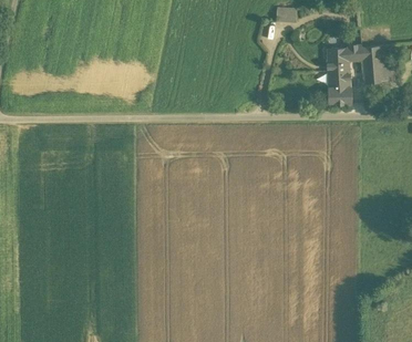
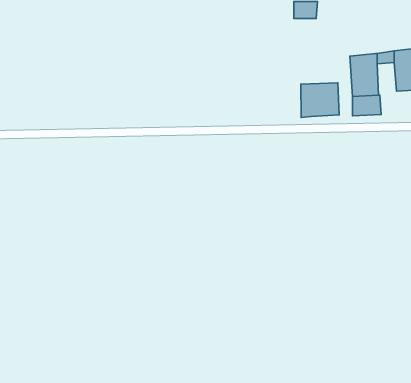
building: none -> [301,83,339,118]

